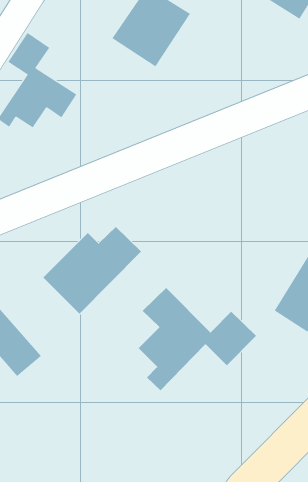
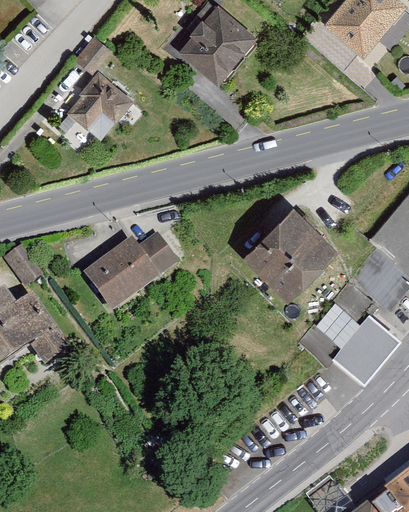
building: none -> [241,206,334,298]
building: [138,287,257,391] -> none

